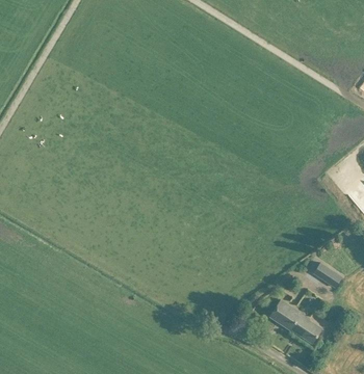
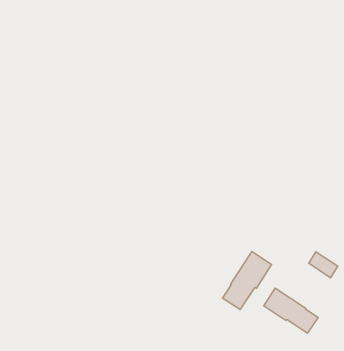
building: none -> [222,251,272,310]

